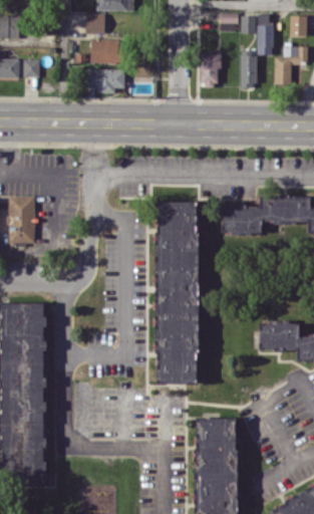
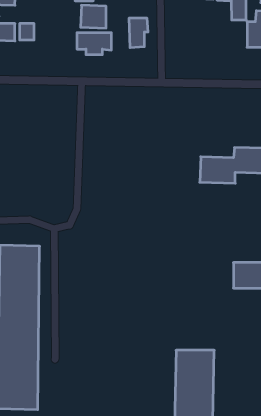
building: [241,50,258,87] -> none
building: [202,54,223,86] -> [129,18,148,48]
building: [8,196,35,243] -> none
building: [156,203,199,383] -> none

